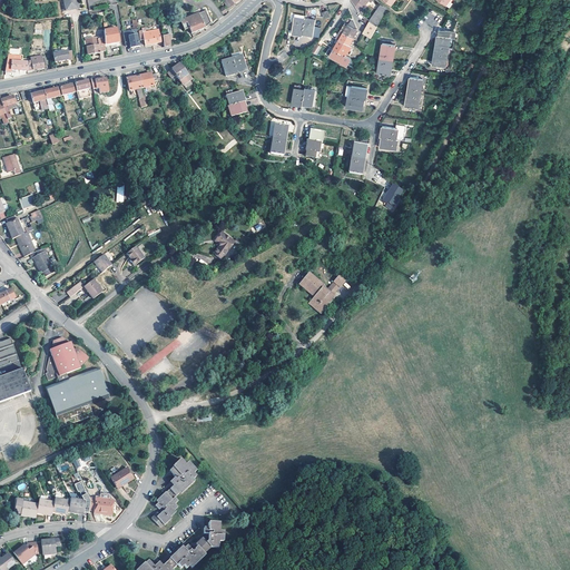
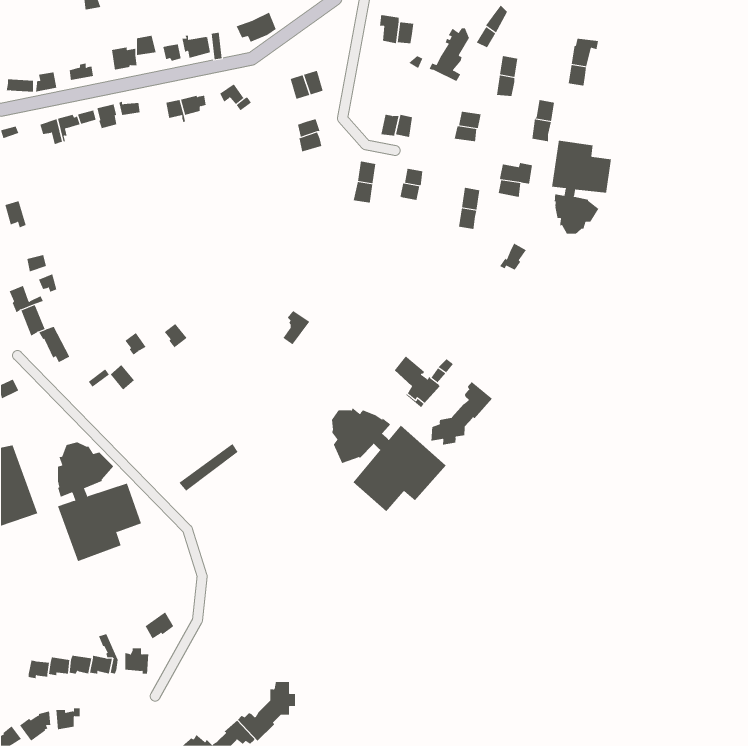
building: none -> [551,140,612,235]
building: none -> [431,381,493,445]
building: none -> [331,407,447,512]
building: [153,456,196,525] -> none

